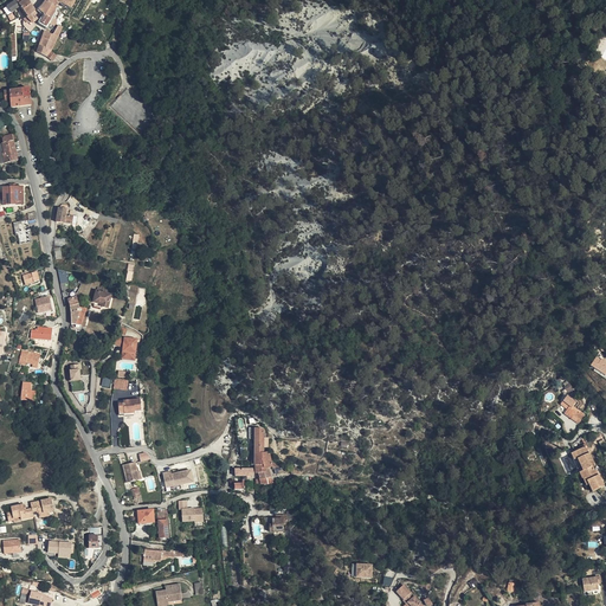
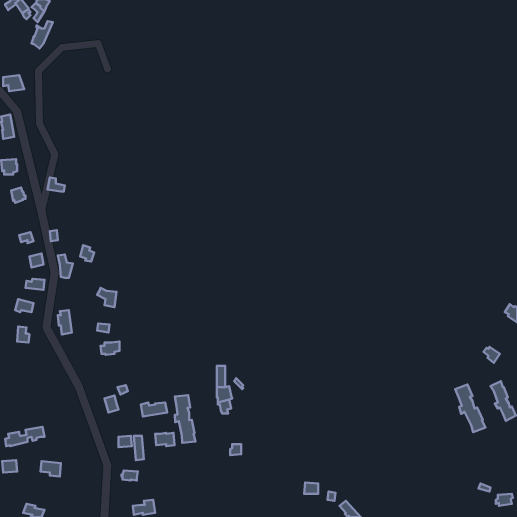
building: none -> [455,385,486,432]
building: none -> [175,395,195,443]

